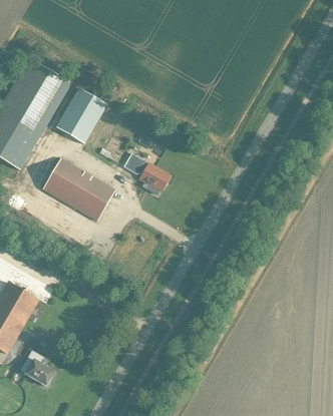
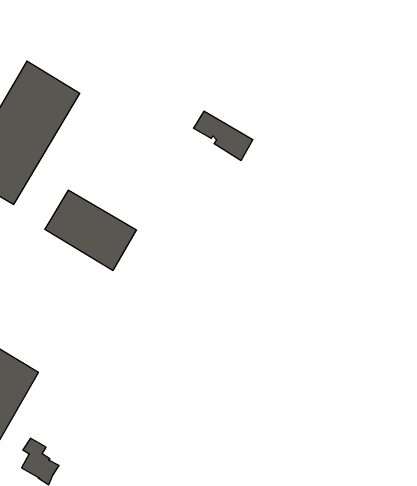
building: [57,87,107,142] -> none
building: [123,152,170,190] -> [193,111,253,160]

